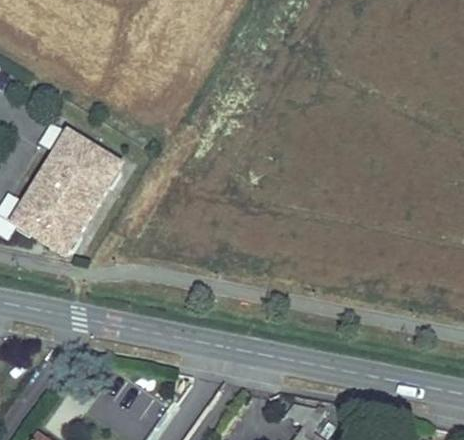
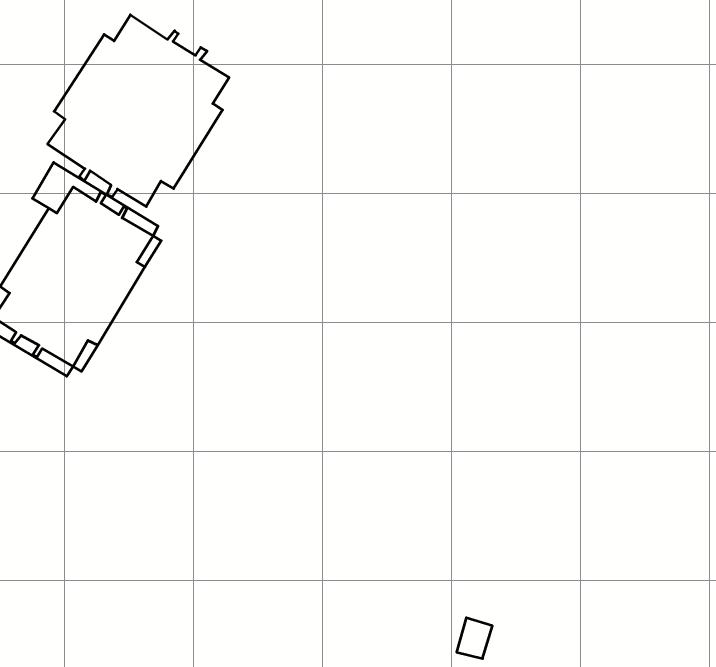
building: none -> [48,15,229,207]

